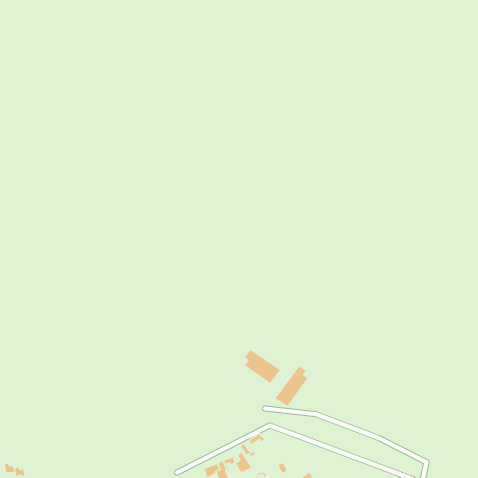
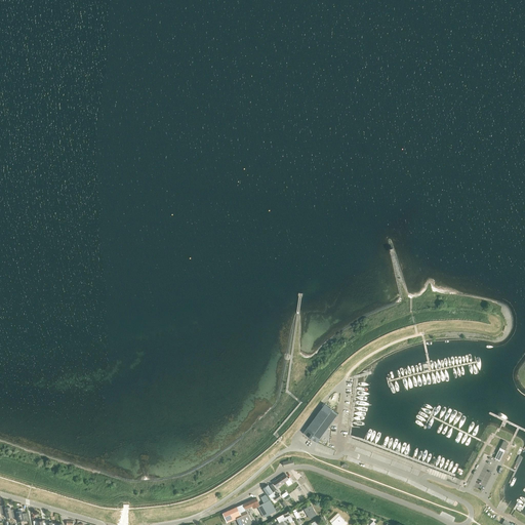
building: [244,349,281,384] -> none

